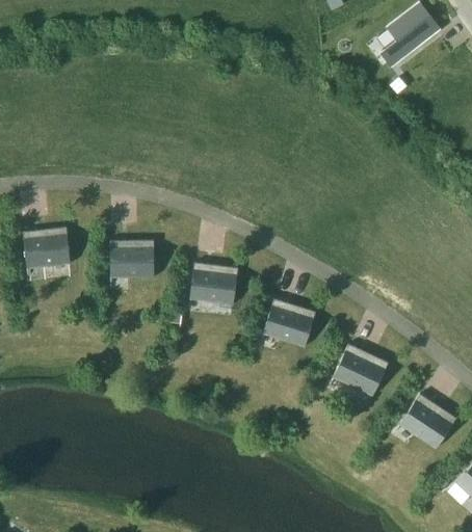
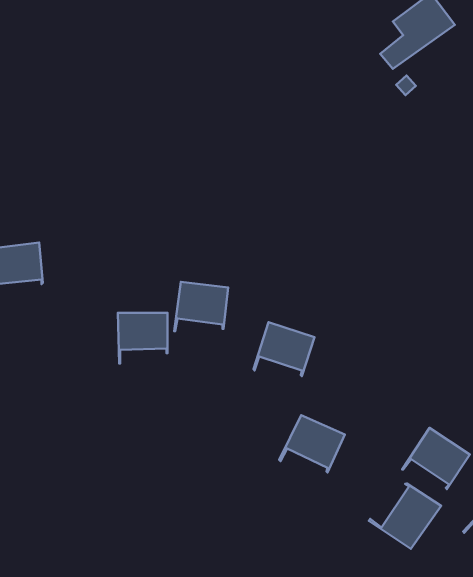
building: [109,241,154,287] -> [118,313,168,364]
building: [329,345,388,397] -> [279,415,345,473]
building: none -> [369,483,441,549]

